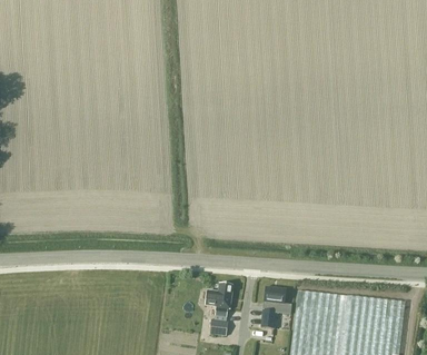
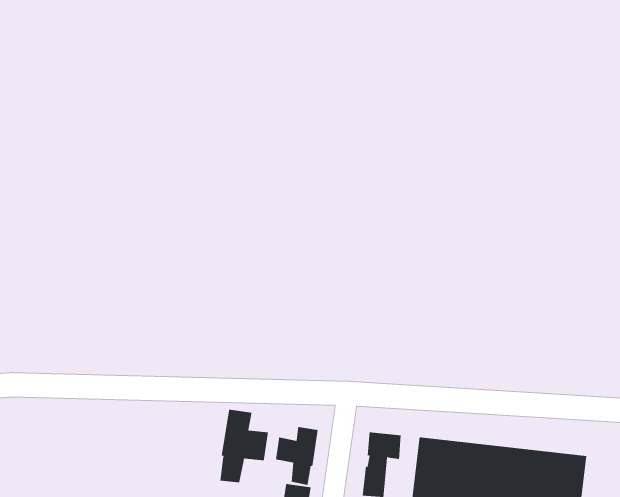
building: none -> [220,409,269,483]

